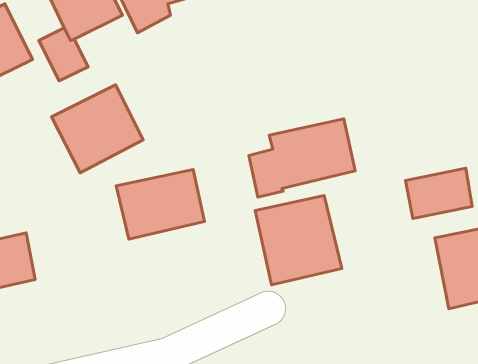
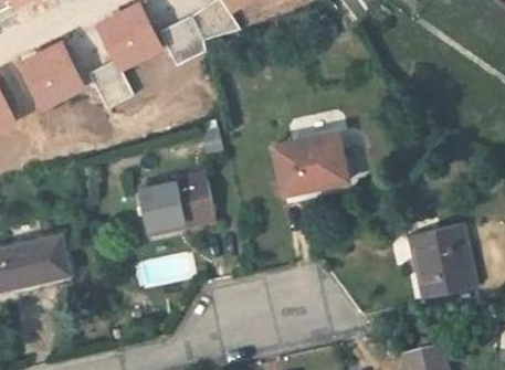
building: [51,85,143,173] -> none
building: [405,168,472,218] -> none
building: [255,195,342,285] -> none

